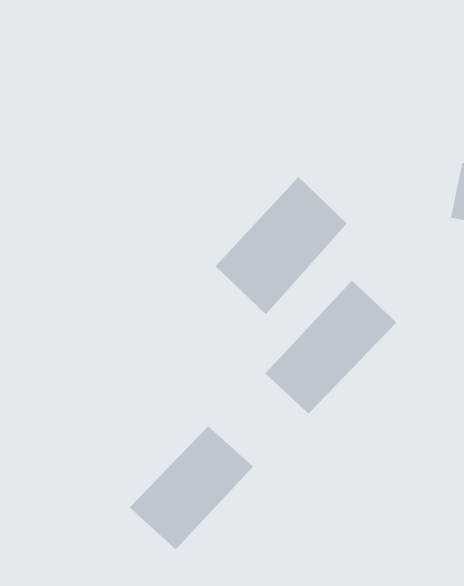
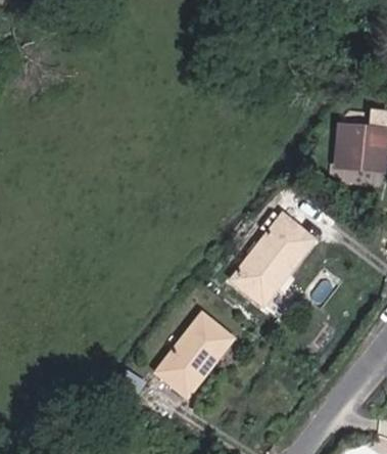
building: [215,176,348,315] -> none

